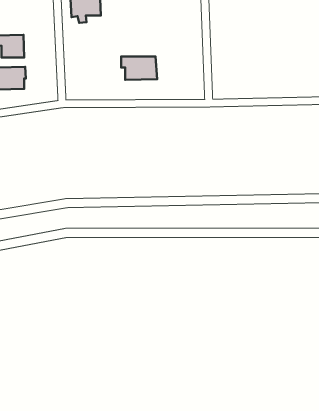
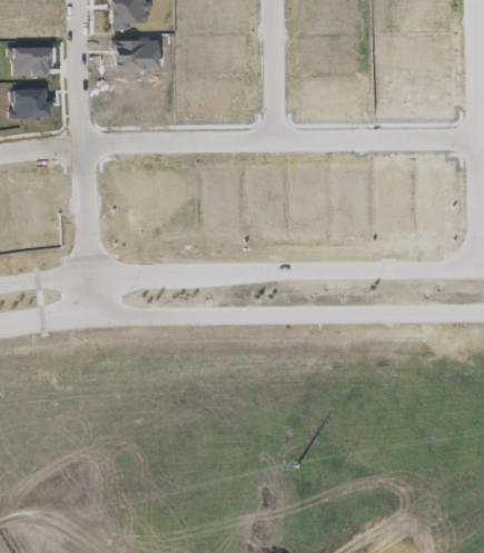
building: [121,56,157,80] -> [109,38,157,69]

